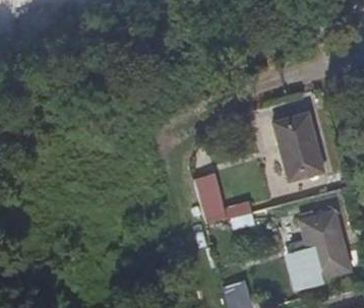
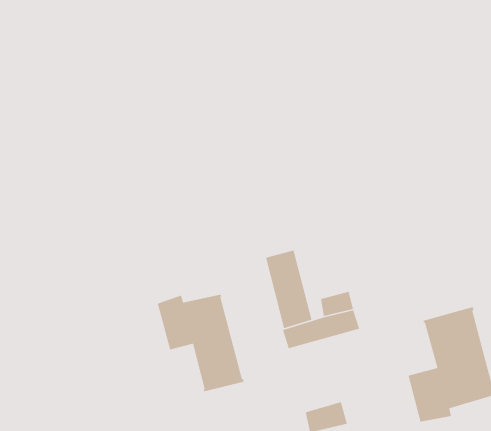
building: [274,109,322,178] -> none
building: none -> [157,294,244,392]

